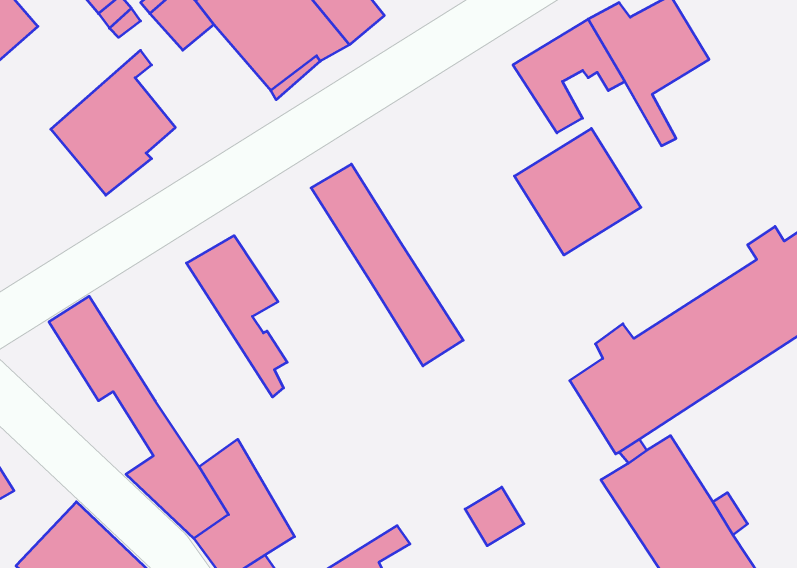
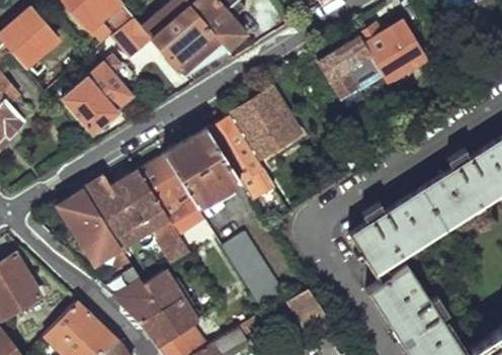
building: [514,128,641,255] -> [229,90,299,160]
building: none -> [164,129,240,207]
building: none -> [84,171,190,263]
building: none -> [222,233,284,310]

